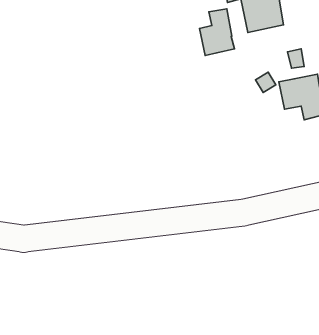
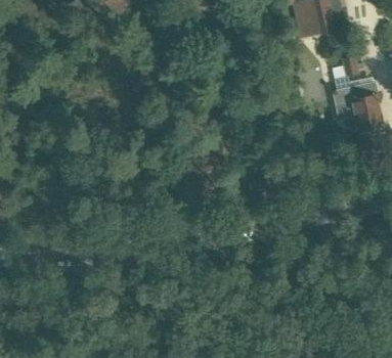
building: [200,9,234,56] -> none

